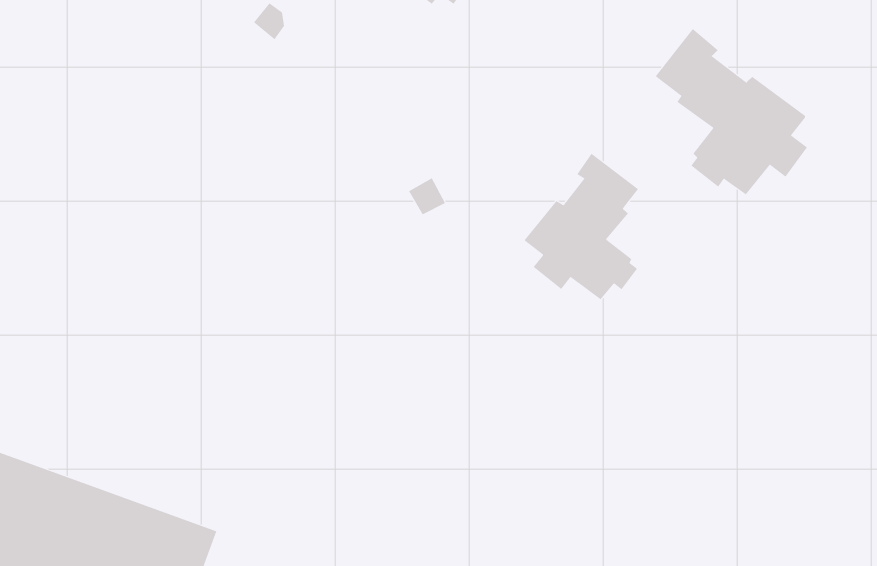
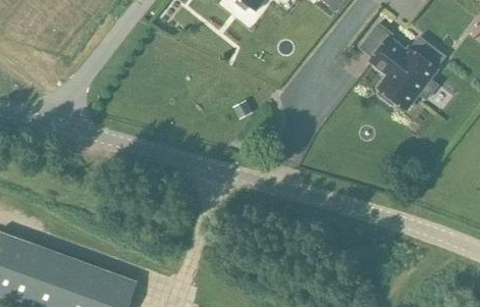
building: [524,153,639,300] -> none

